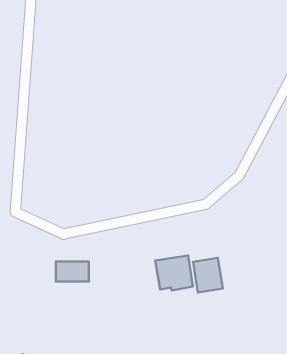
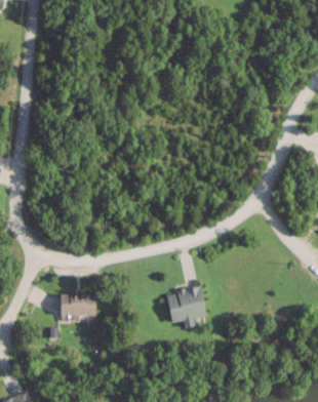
building: [193,258,223,292] -> none

